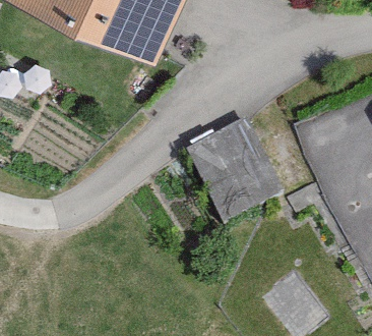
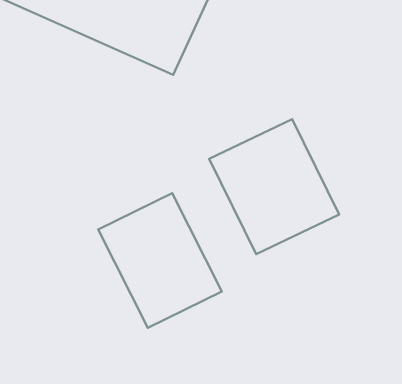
building: none -> [98,193,222,328]

